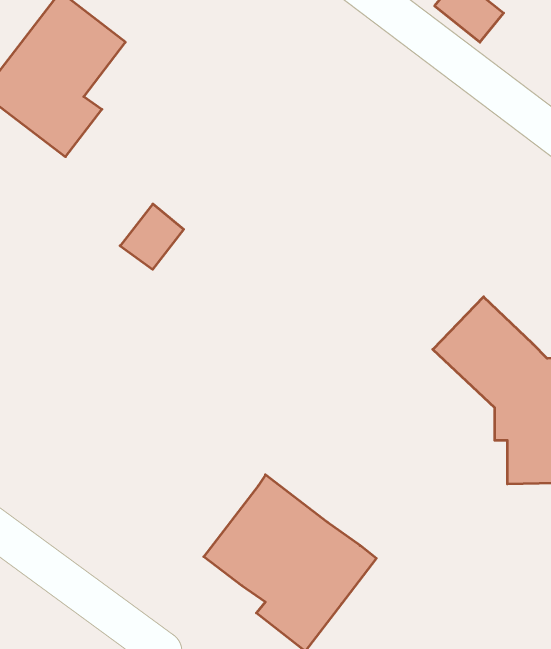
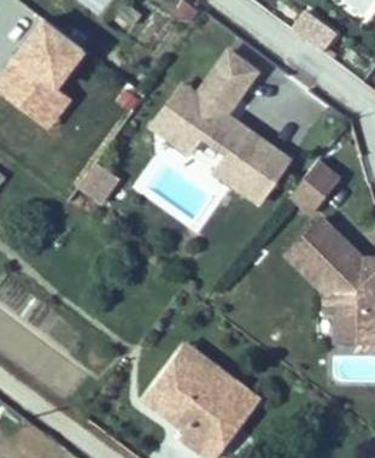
building: none -> [154,49,291,200]
building: none -> [292,166,342,218]

